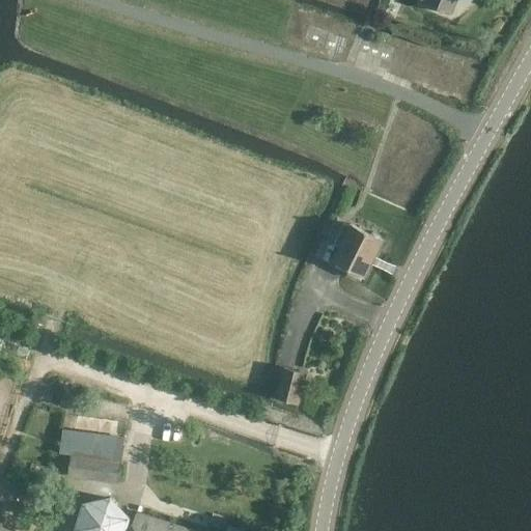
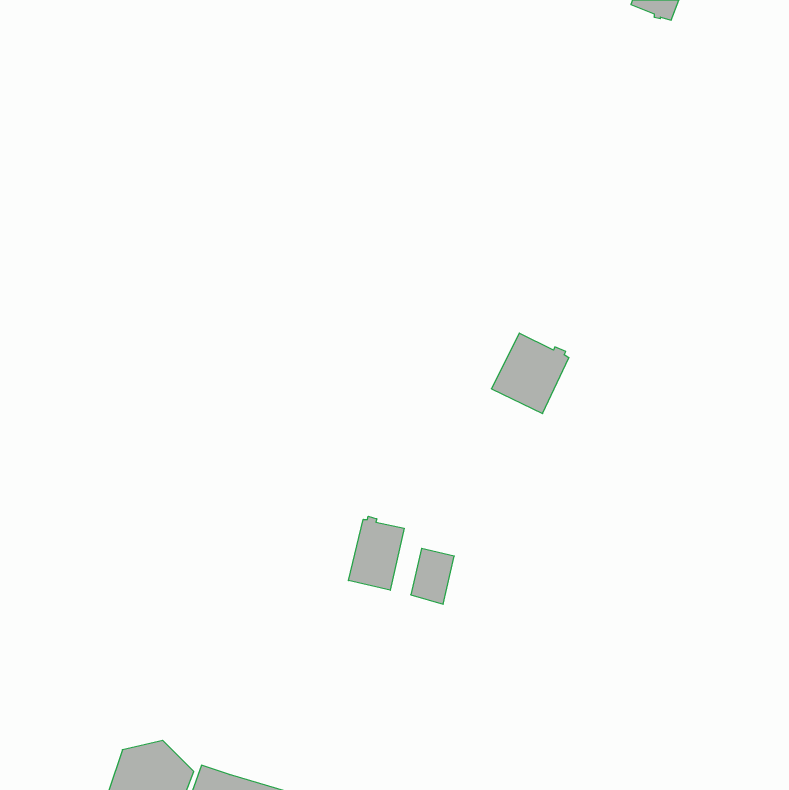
building: none -> [348,516,404,590]
building: [66,434,121,483] -> none

